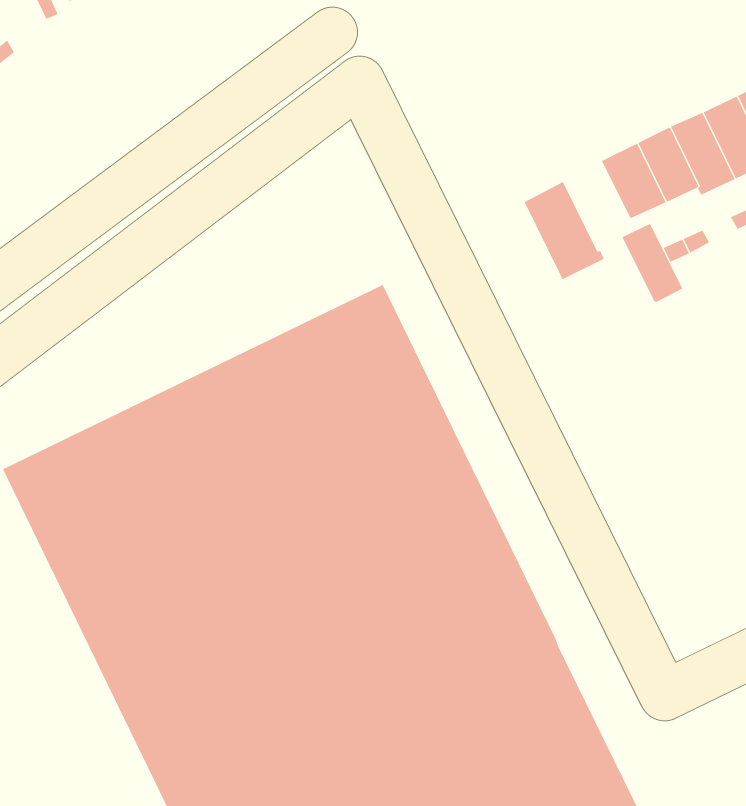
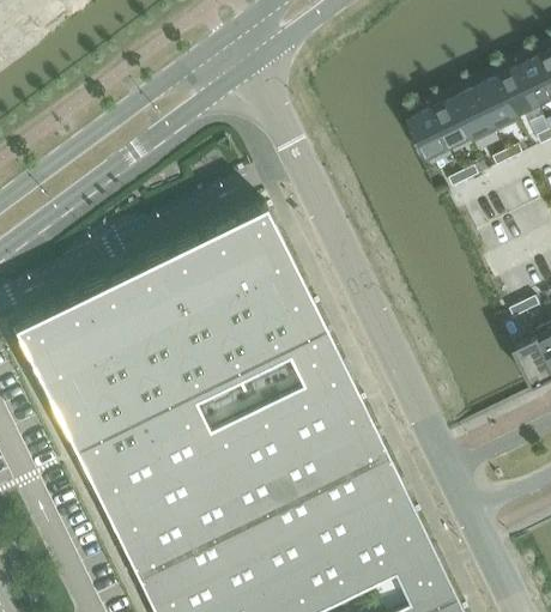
building: [524,181,605,280] -> none
building: [622,223,683,303] -> none

